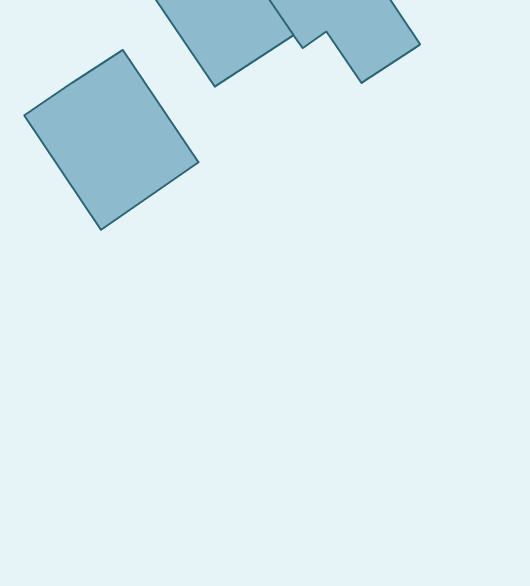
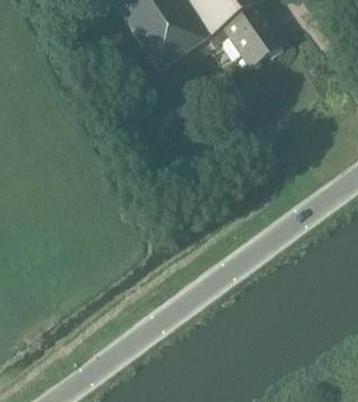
building: [24,50,199,230] -> none

